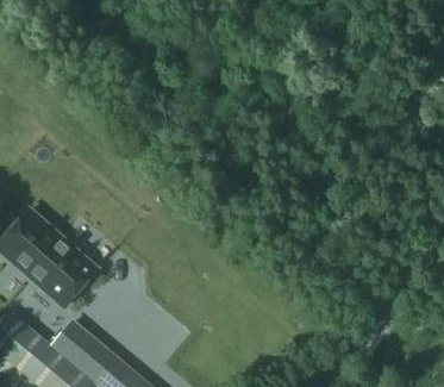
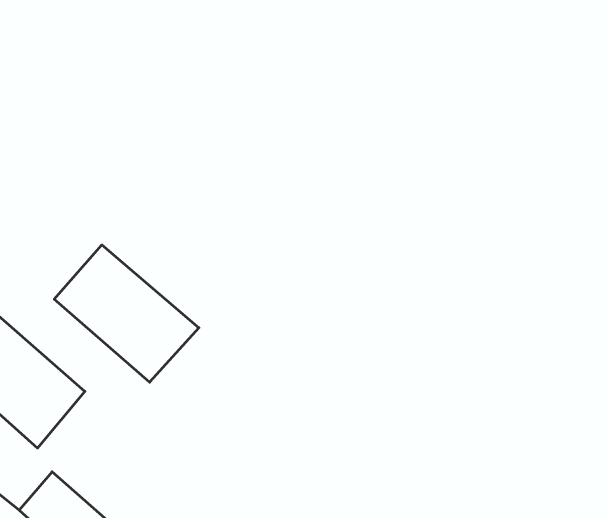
building: none -> [54,245,199,382]

